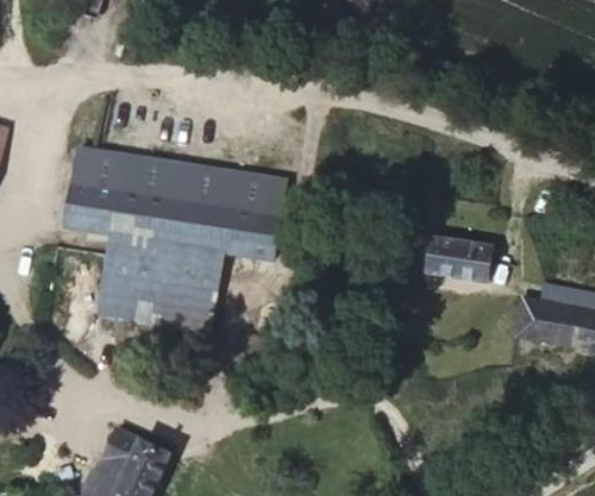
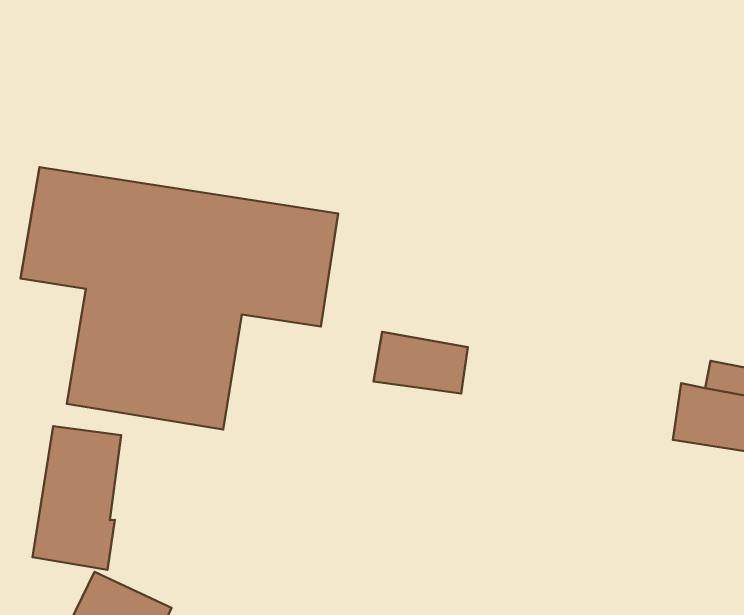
building: [427,237,493,280] -> [374,332,468,394]
building: none -> [33,426,121,570]

